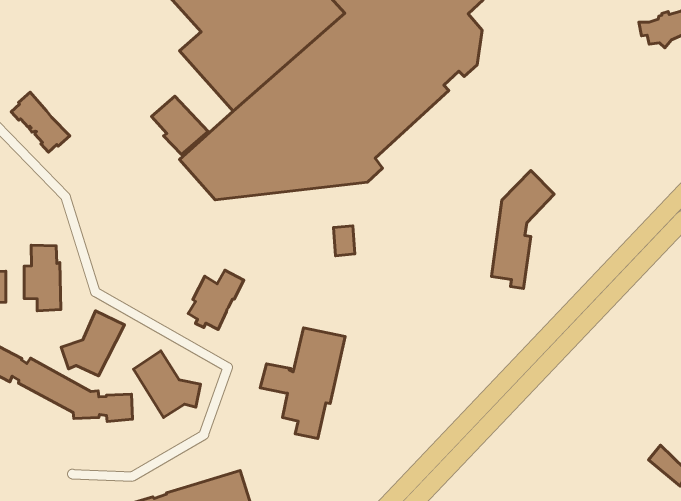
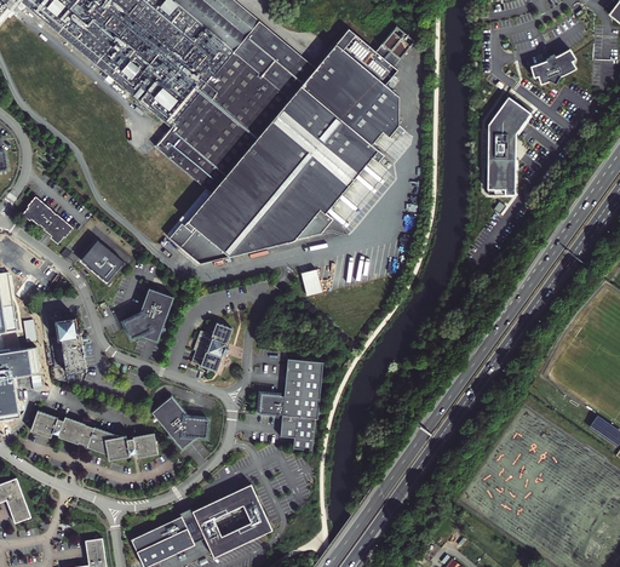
building: [151,96,208,154] -> [78,237,126,285]
building: [491,170,554,288] -> [487,97,529,195]
building: [61,311,124,376] -> [124,287,173,340]

